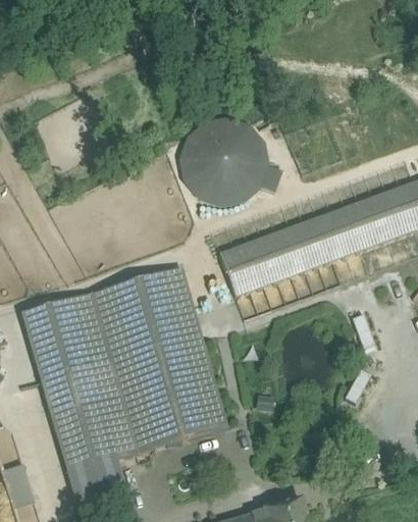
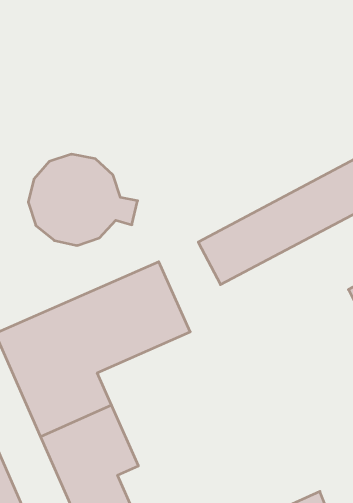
building: [180,119,281,204] -> [28,154,138,245]
building: [110,335,227,453] -> none

